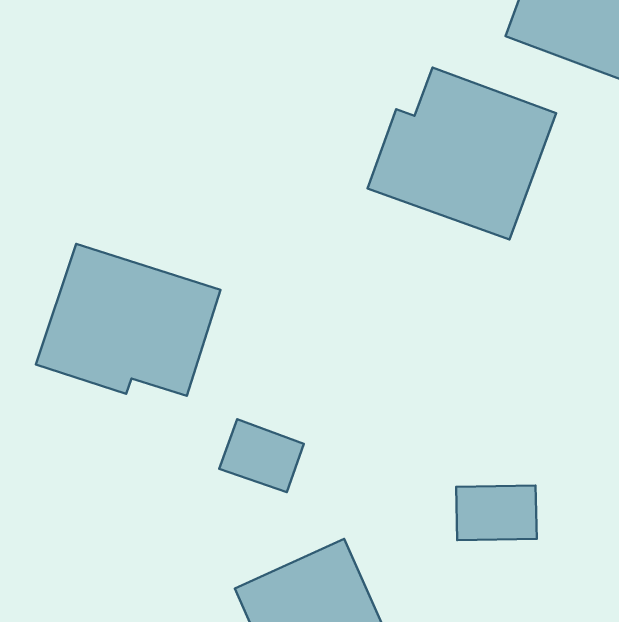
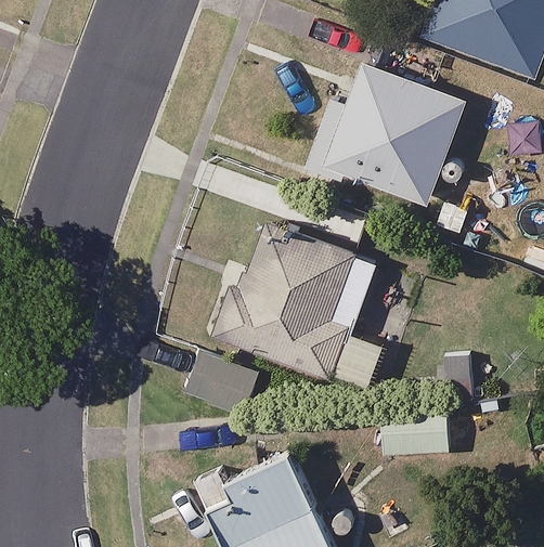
building: [36,244,221,396] -> none
building: none -> [217,226,418,389]

